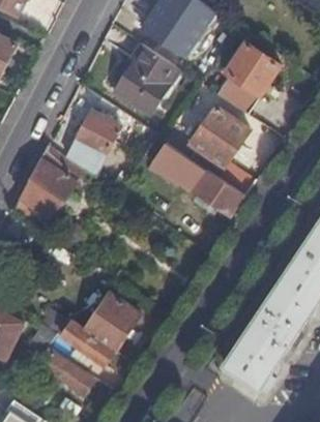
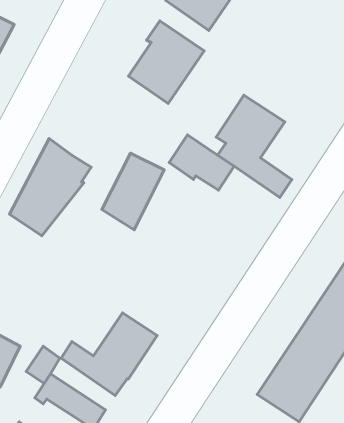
building: [223,42,281,114] -> none
building: [66,110,120,176] -> [102,153,164,230]
building: [193,168,245,215] -> none

